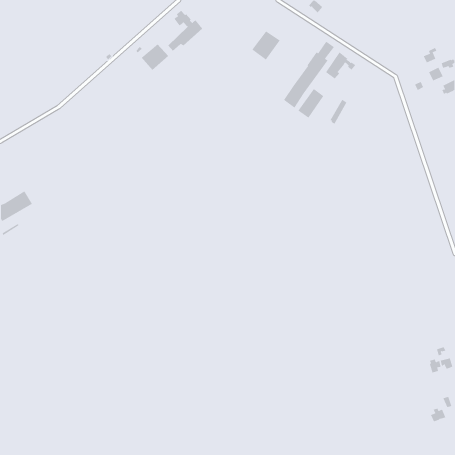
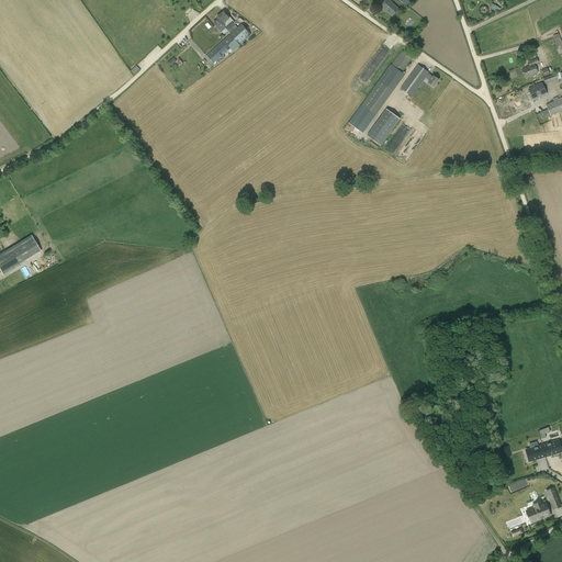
building: [251,30,280,60] -> none
building: [141,44,169,71] -> none

